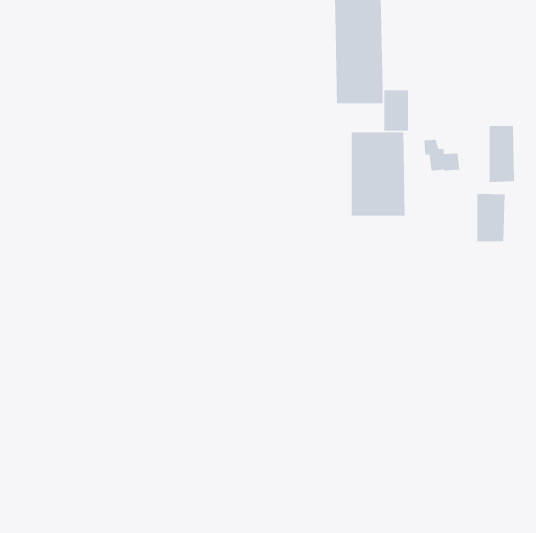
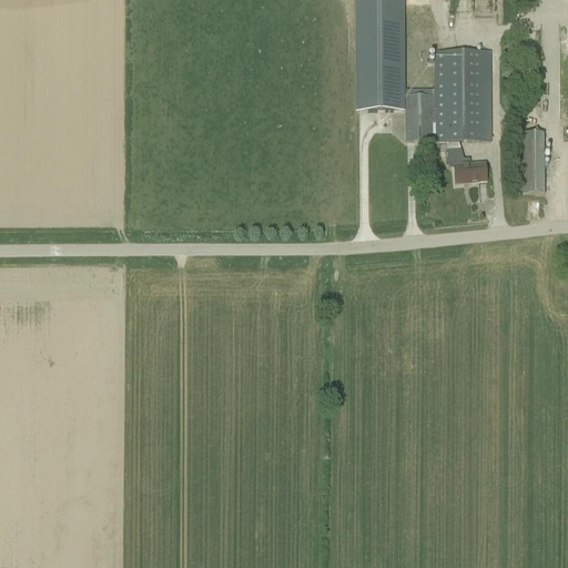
building: [351,131,405,217] -> [435,49,493,139]
building: [477,193,505,242] -> none

